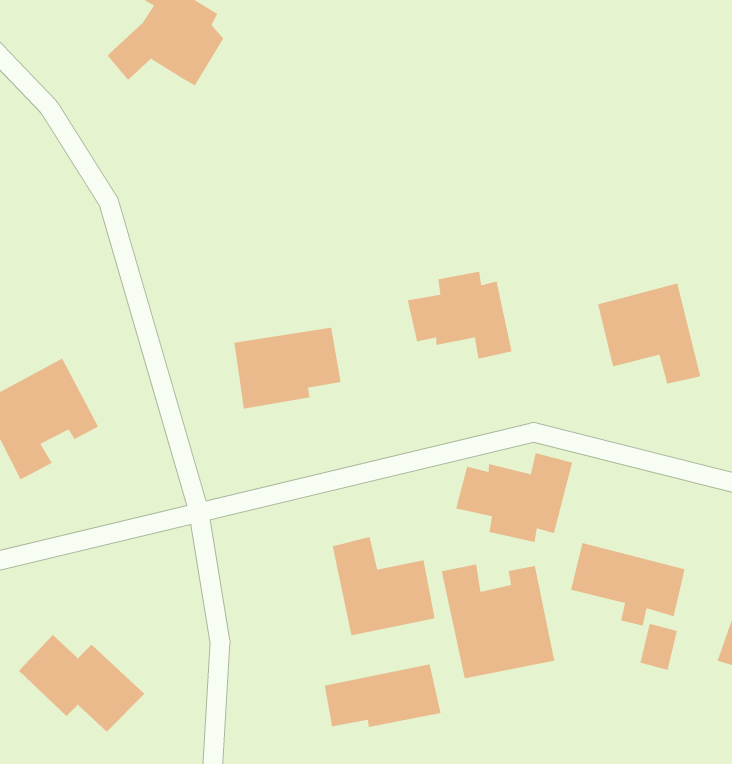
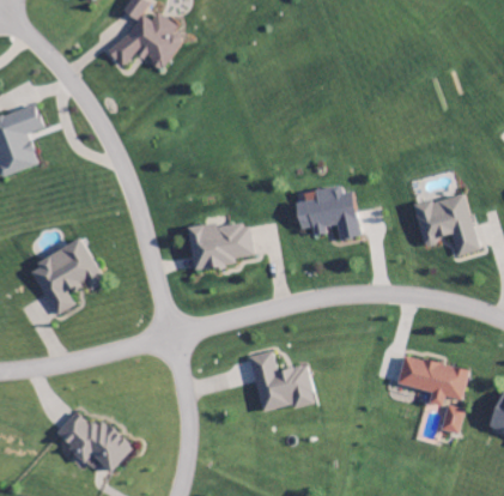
building: [455,452,573,543] -> none
building: [441,564,555,679] -> none
building: [324,664,441,728] -> none

